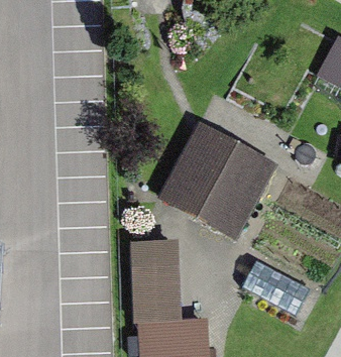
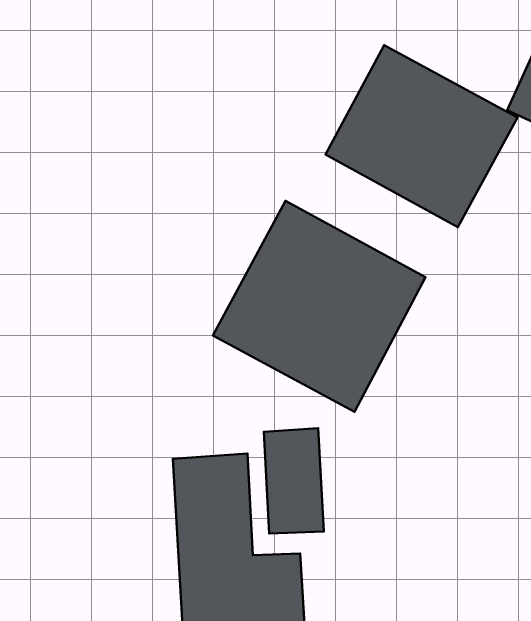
building: none -> [326,45,518,227]

